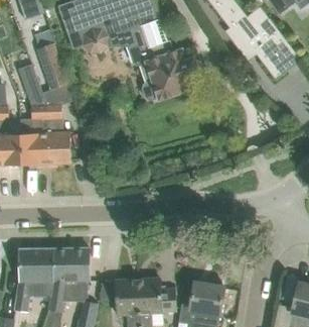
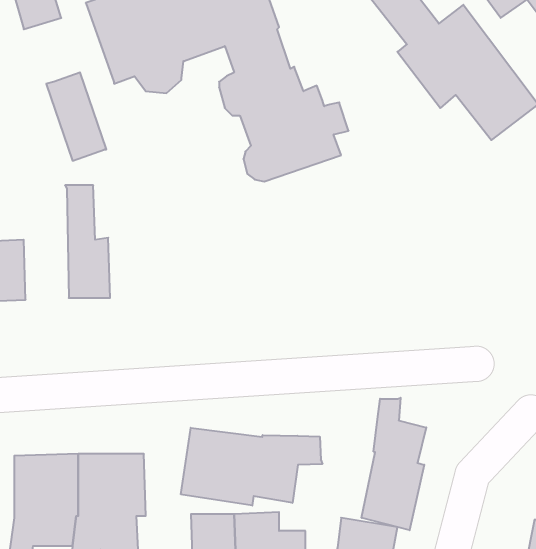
building: [18,64,48,167] -> none
building: none -> [362,398,426,530]
building: none -> [181,428,322,506]

